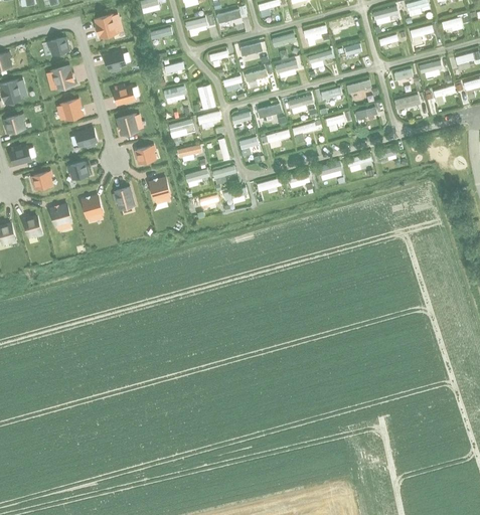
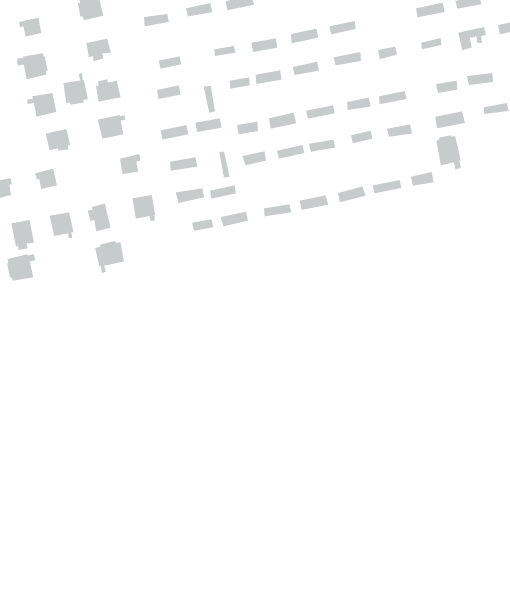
building: none -> [63,72,89,106]
building: none -> [436,135,462,170]
building: none -> [94,240,125,274]
building: none -> [7,253,36,282]

